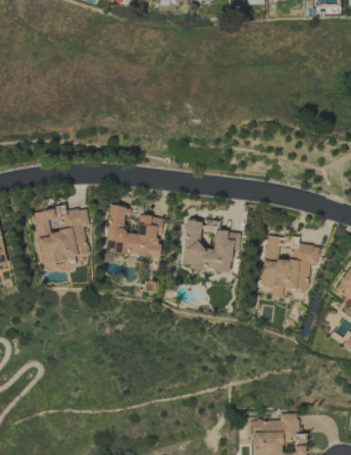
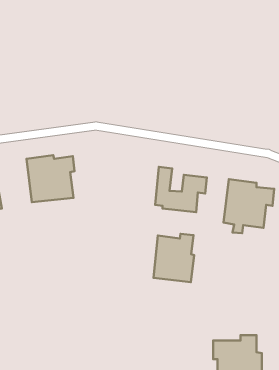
building: [106,206,163,257] -> none
building: none -> [153,234,194,282]

